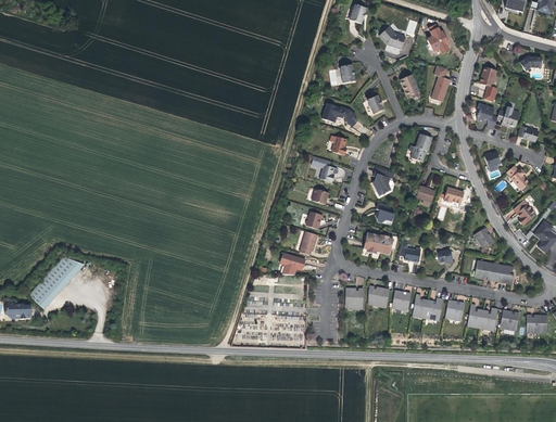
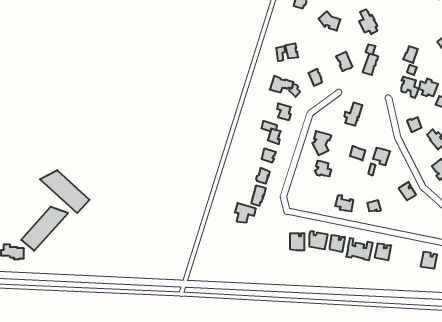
building: none -> [40,170,90,213]
building: [363,232,393,254] -> none
building: [475,259,514,284] -> none
building: [467,304,497,330] -> none

